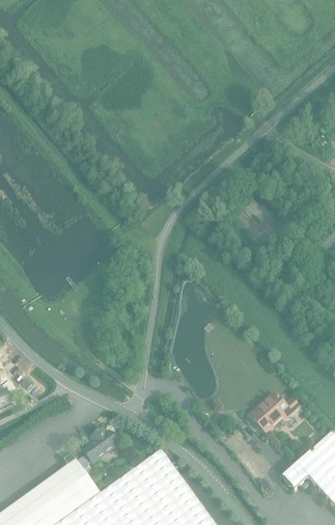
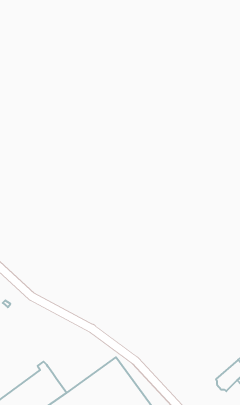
building: [252,392,299,431] -> none
building: [83,429,118,463] -> none

